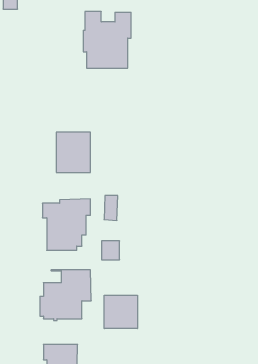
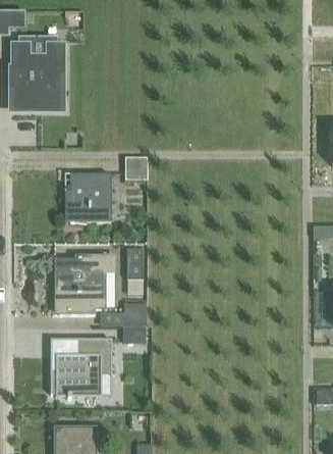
building: [83,12,131,68] -> [8,41,65,108]
building: none -> [124,156,148,179]
building: [104,295,137,329] -> none

